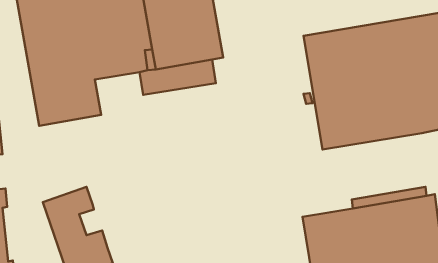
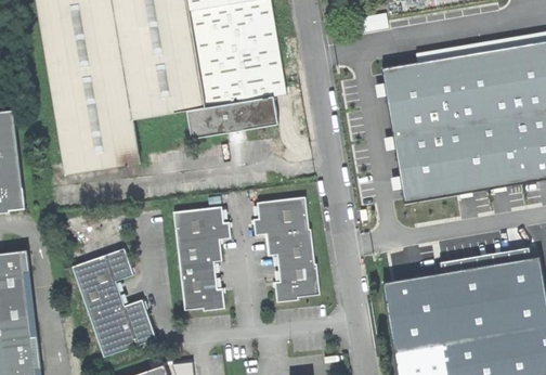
building: none -> [253,196,320,301]
building: none -> [173,206,231,310]

